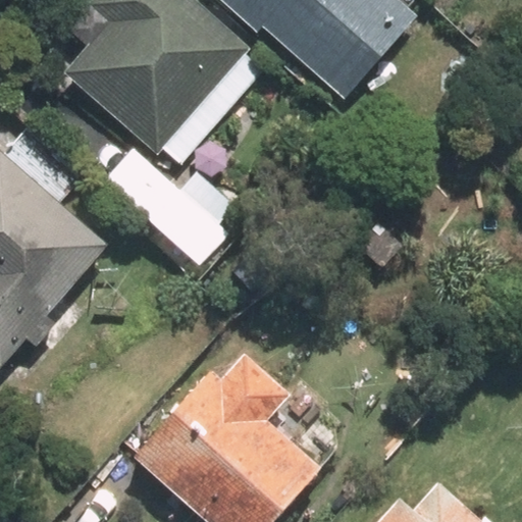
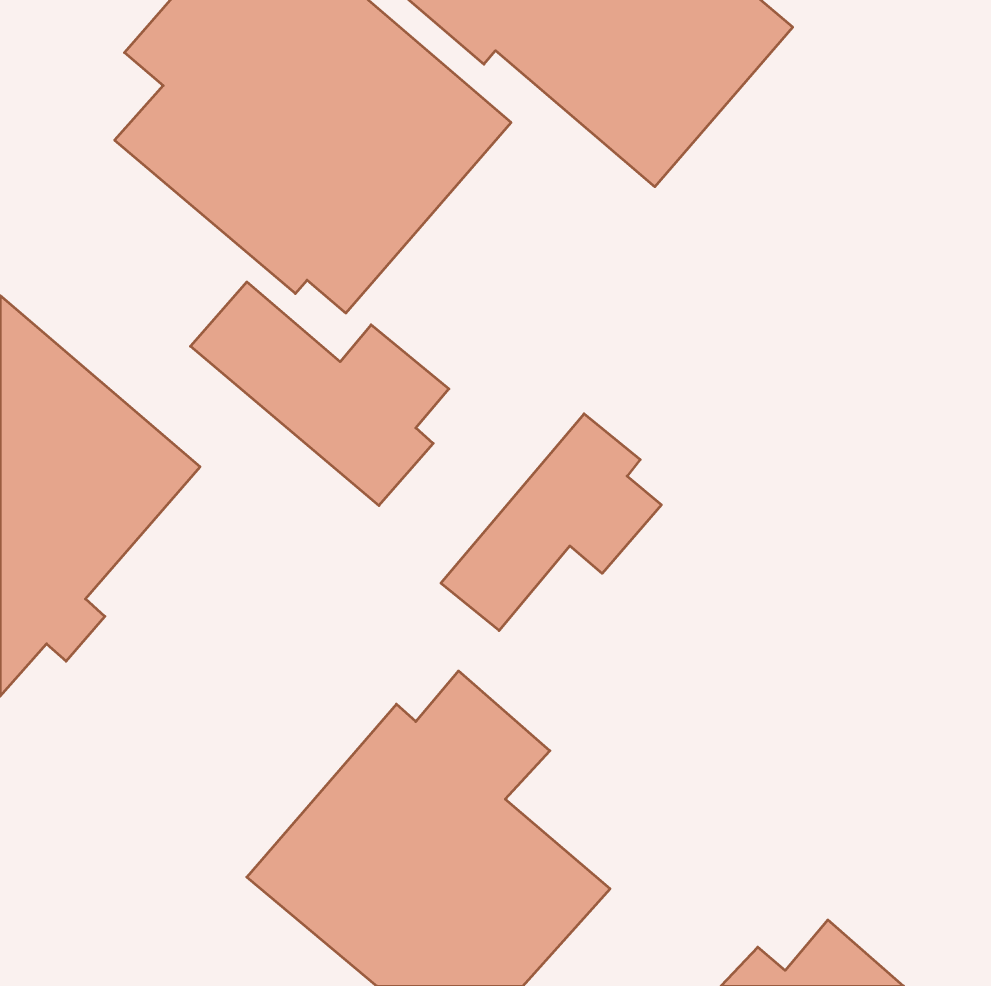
building: none -> [441,414,661,631]

